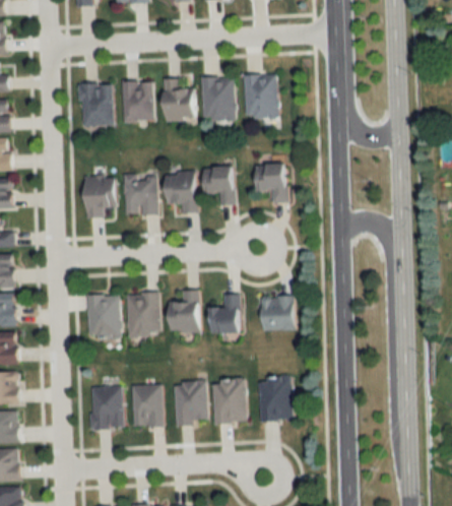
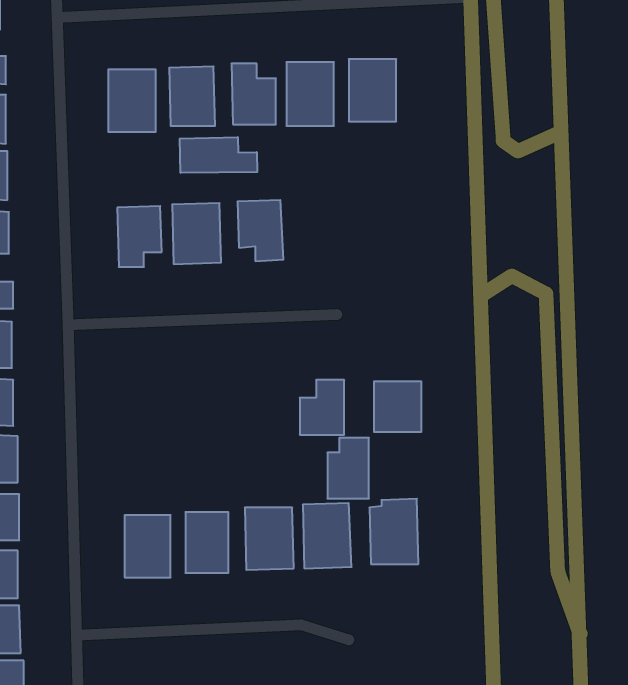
building: none -> [180,137,257,173]
building: [257,164,289,202] -> none
building: [206,167,236,205] -> none
building: [172,291,200,332] -> [327,438,369,499]
building: [126,293,159,337] -> none
building: [87,295,119,338] -> none

